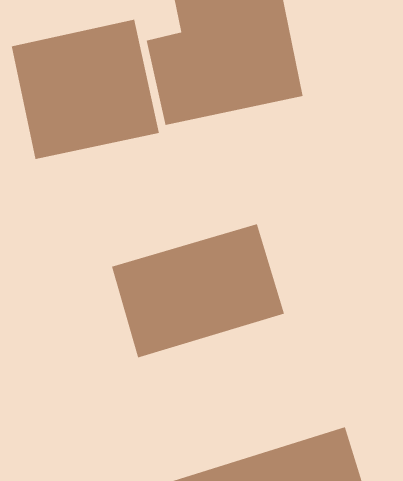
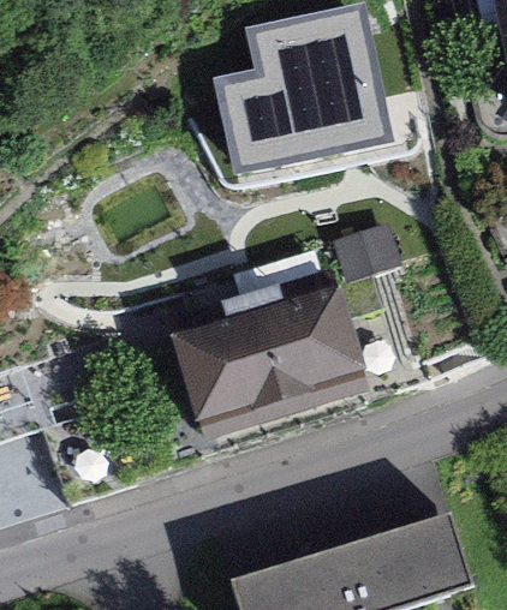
building: [11,19,160,160] -> none

